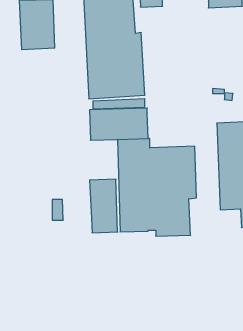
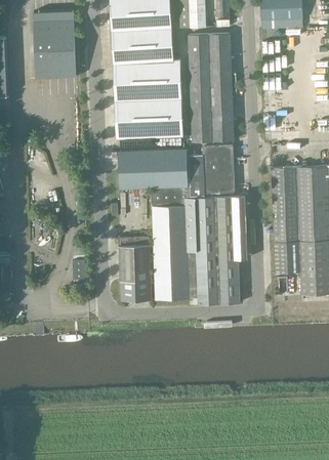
building: none -> [189,33,236,141]
building: none -> [188,145,235,196]

